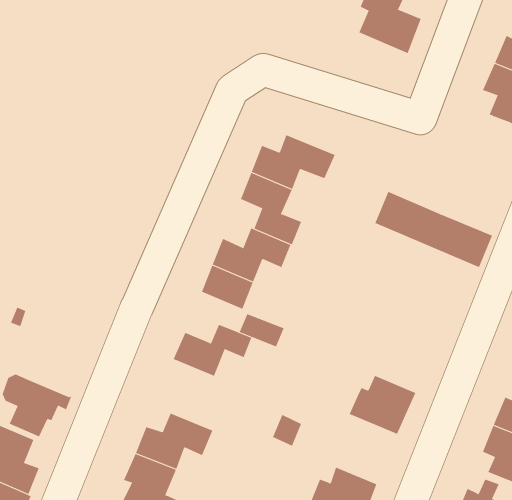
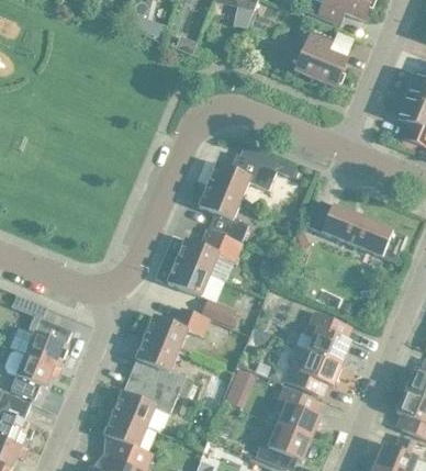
building: none -> [298,311,356,363]
building: none -> [25,314,71,367]
building: none -> [135,336,184,394]
building: none -> [274,386,323,438]

